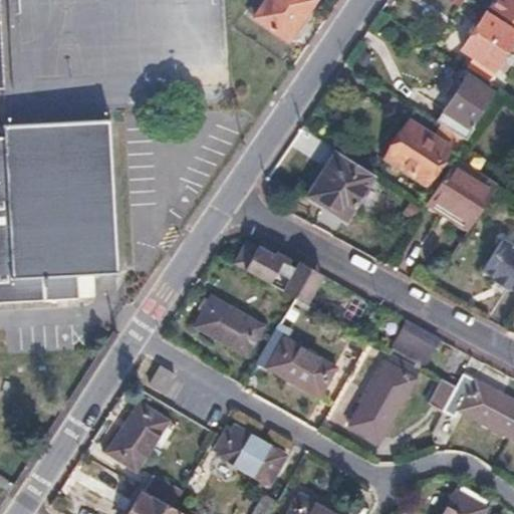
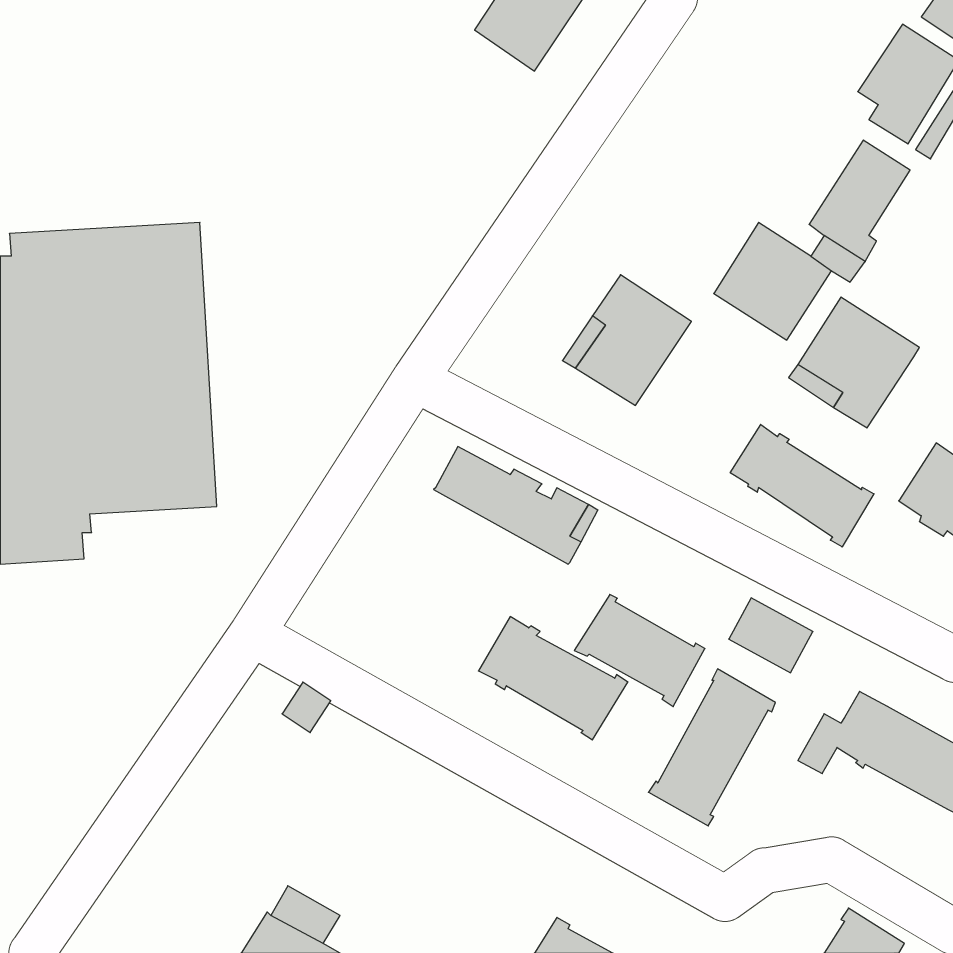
building: none -> [730,424,874,547]
building: [194,296,264,356] -> [574,594,705,707]
building: [104,401,170,472] -> none
building: [217,426,287,486] -> none

